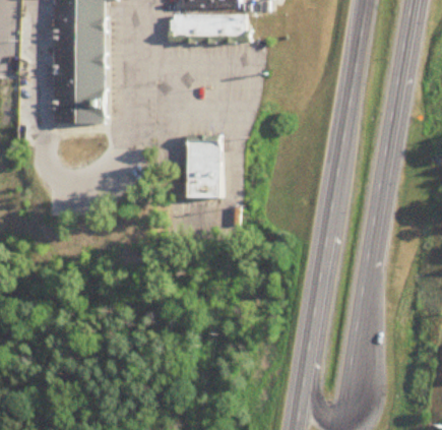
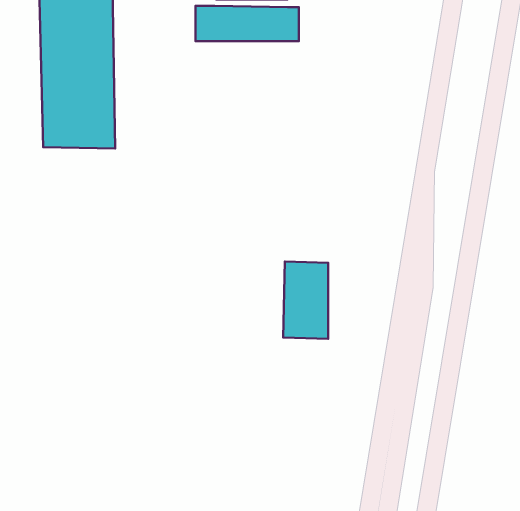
building: [189,136,223,194] -> [283,261,328,339]

